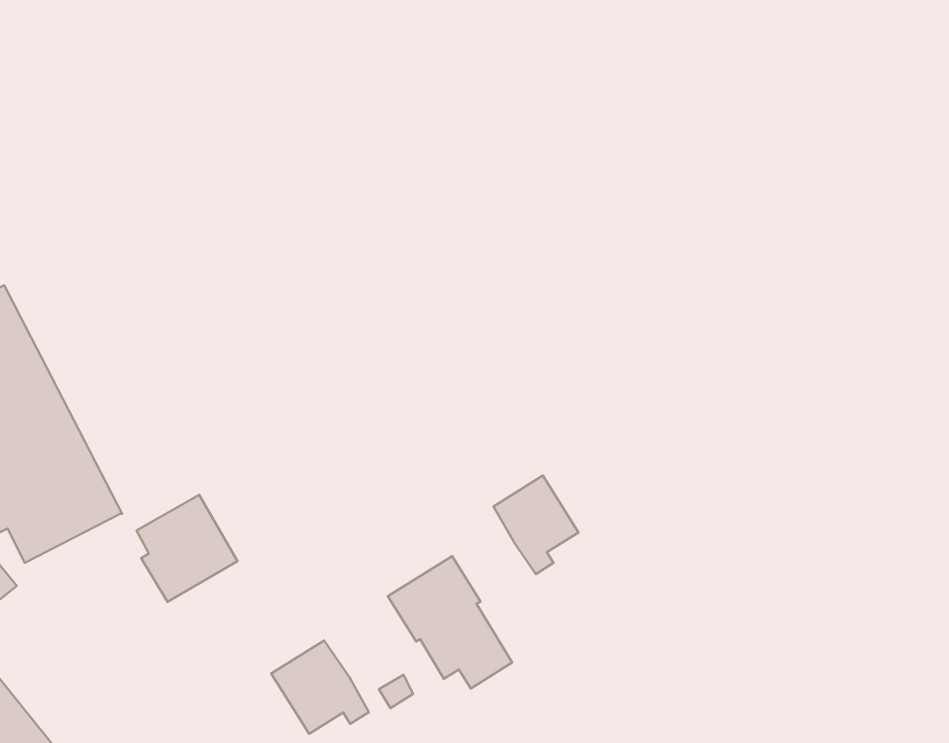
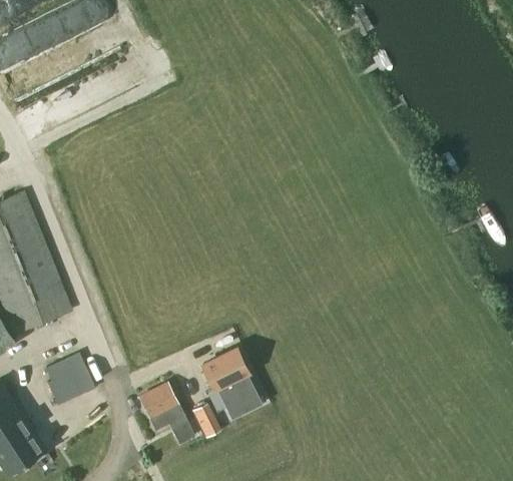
building: [493,475,578,574] -> none
building: [137,495,237,602] -> [45,354,94,406]

